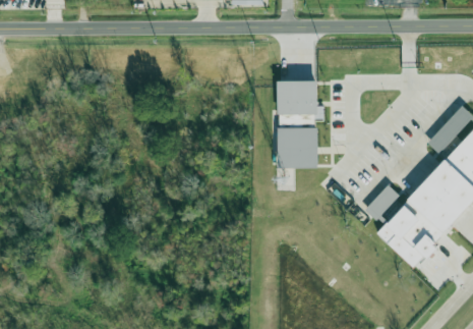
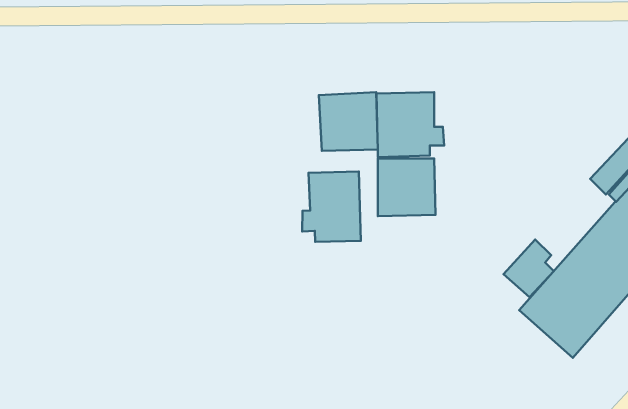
building: none -> [319,92,378,151]
building: none -> [302,172,361,242]

